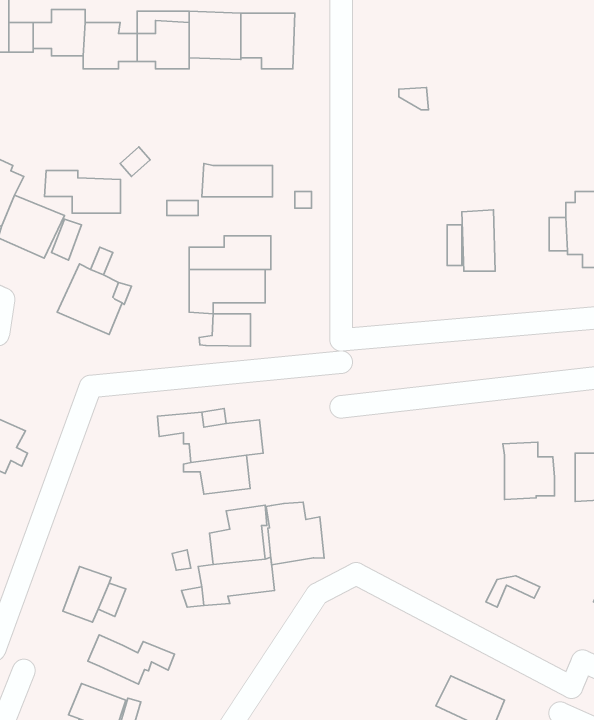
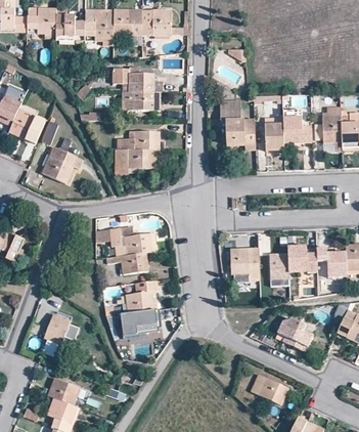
building: [44,170,121,213] -> [111,69,153,92]
building: none -> [218,100,254,150]
building: none -> [281,109,302,150]
building: [199,314,251,346] -> none
building: none -> [229,247,260,284]
building: none -> [268,252,287,279]
building: [266,502,324,565] -> none
building: none -> [281,323,312,351]
building: [88,635,175,684] -> none

